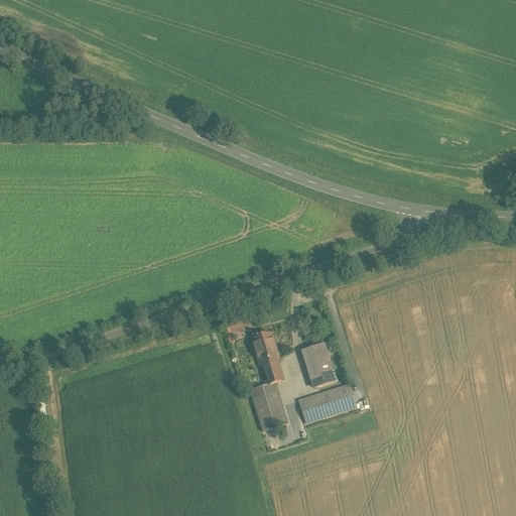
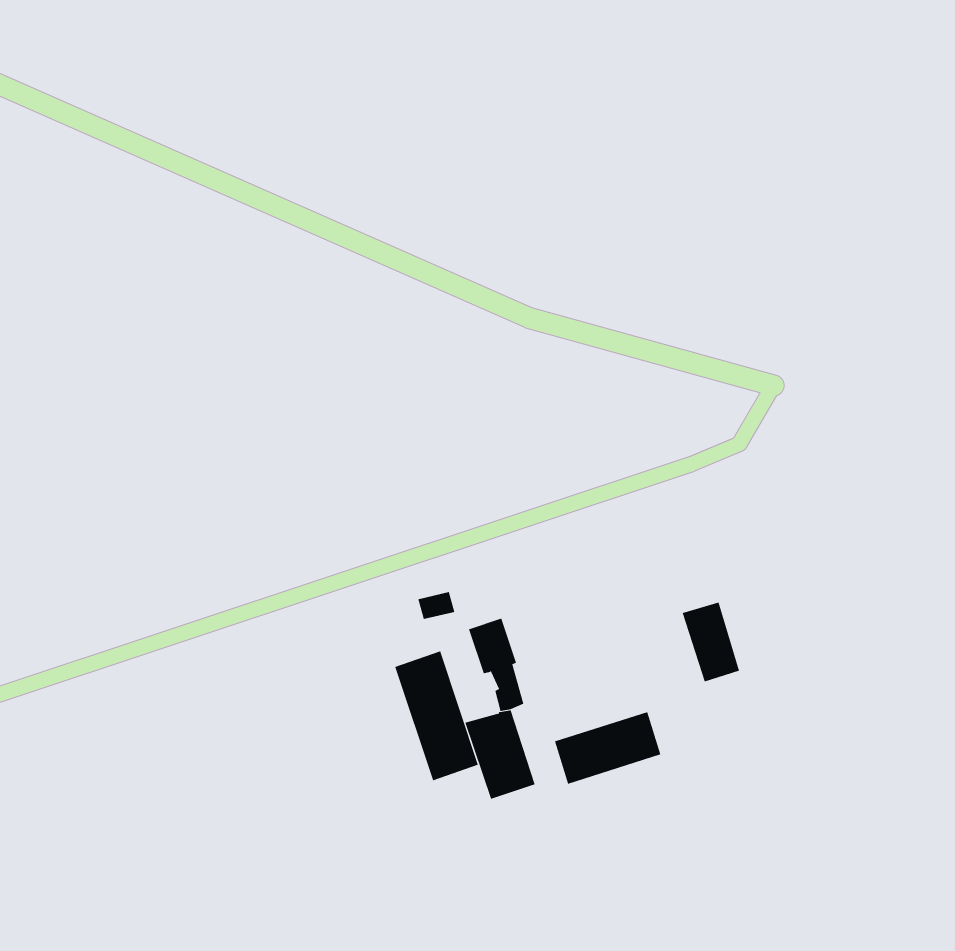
building: [302,344,334,387] -> [682,602,740,682]
building: none -> [395,650,479,781]

